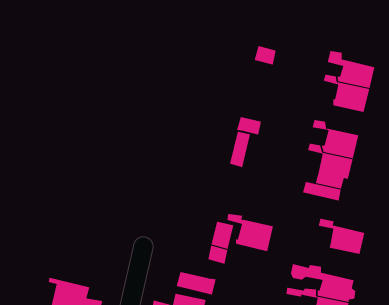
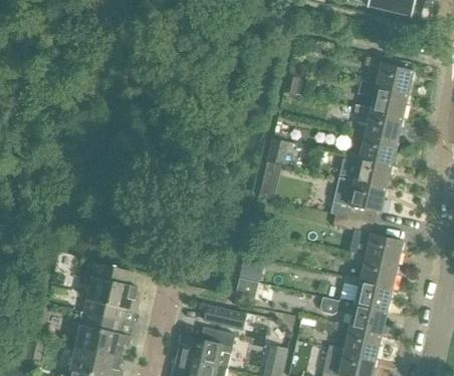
building: none -> [365,57,413,98]
building: none -> [349,128,396,167]
building: none -> [365,234,403,267]
building: [226,213,274,252] -> [344,276,392,315]
building: none -> [74,263,138,322]

